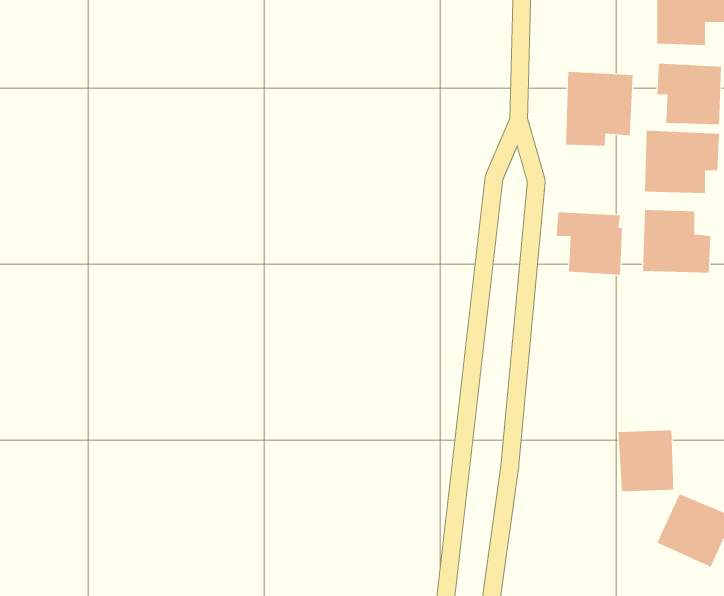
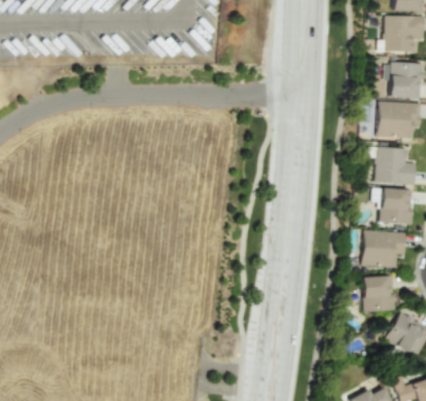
building: [566,71,633,146] -> none
building: [556,212,623,275] -> [372,187,412,224]
building: none -> [362,230,406,267]

